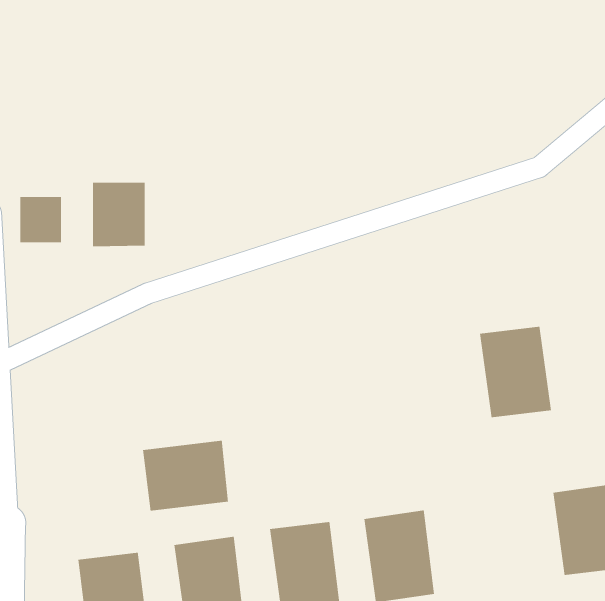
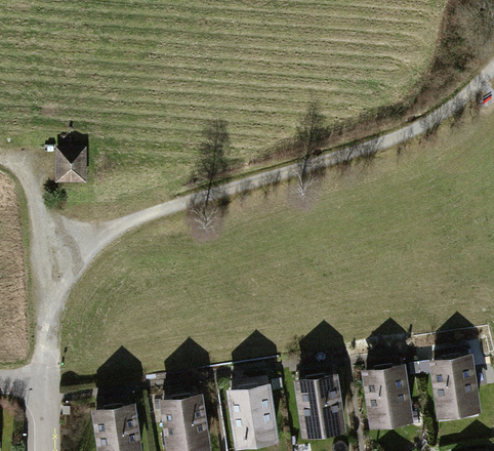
building: [92,182,145,247] -> none
building: [479,326,552,418] -> [362,365,413,429]
building: [143,440,228,512] -> none

